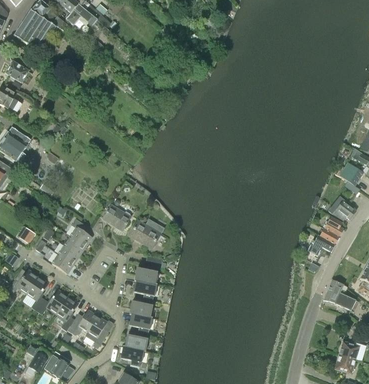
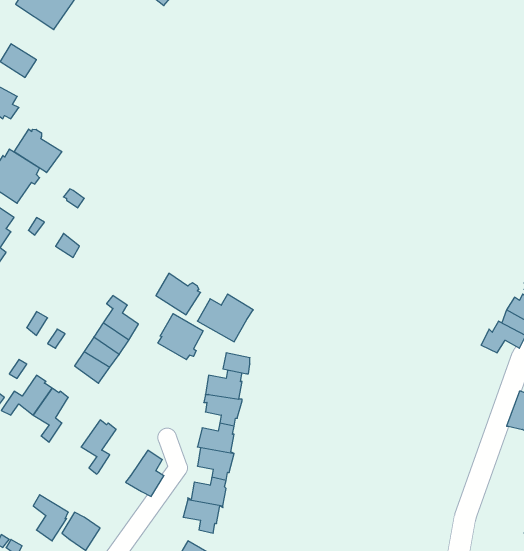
building: none -> [14,129,62,173]
building: none -> [158,314,203,360]
building: [36,288,68,313] -> none
building: [67,309,98,334] -> none

